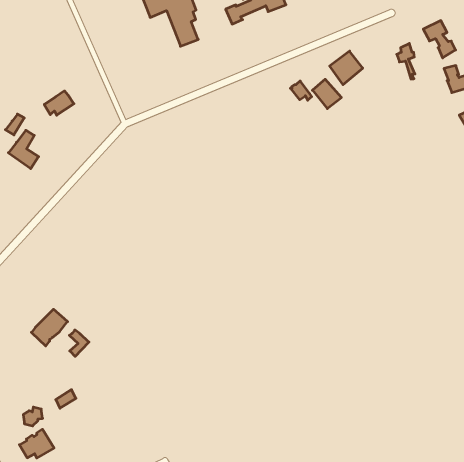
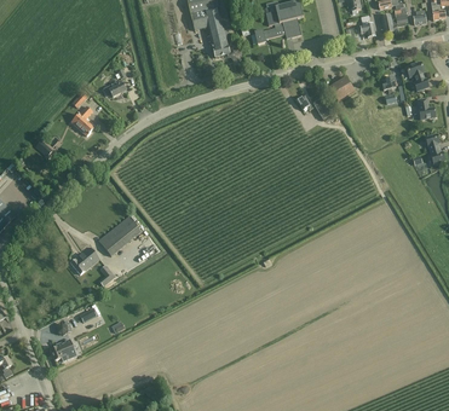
building: none -> [99,215,142,255]

